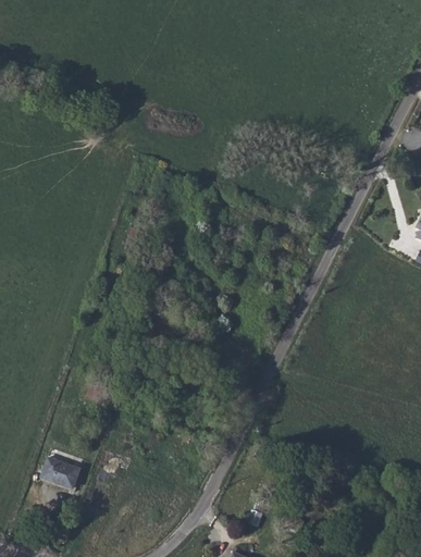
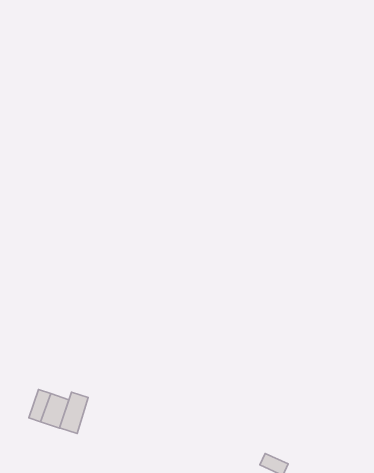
building: none -> [59,392,88,434]

